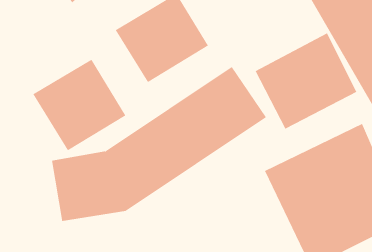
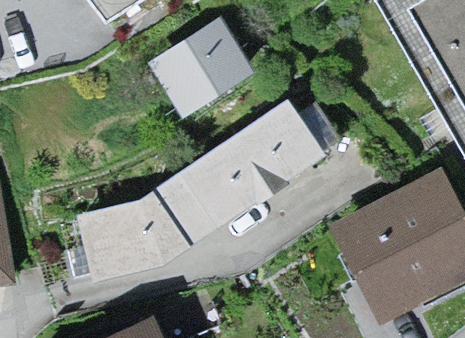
building: [255,32,357,130] -> none
building: [33,59,126,151] -> none

